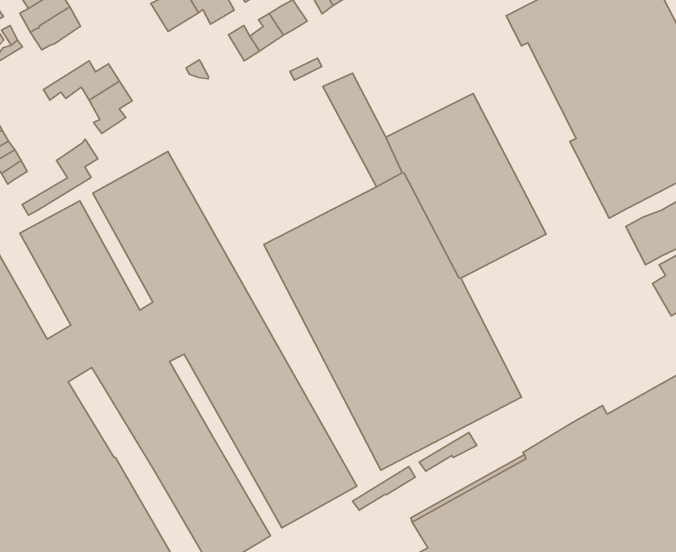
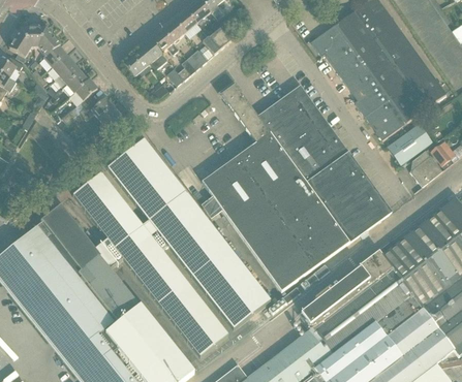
building: [22,139,98,215] -> [61,78,97,123]
building: none -> [308,153,392,241]

